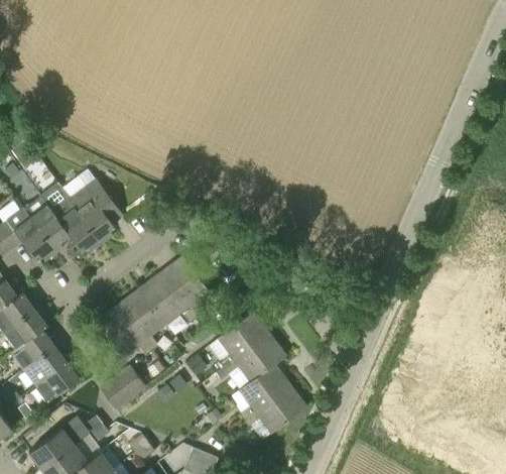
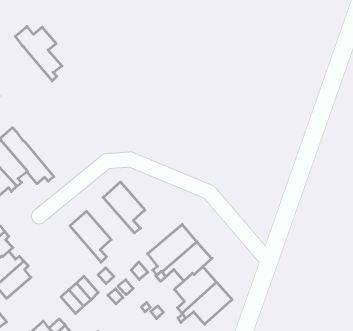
building: [62,176,116,244] -> [15,26,62,81]
building: [139,273,195,325] -> none
building: [96,305,152,357] -> none
building: [35,363,80,403] -> none

